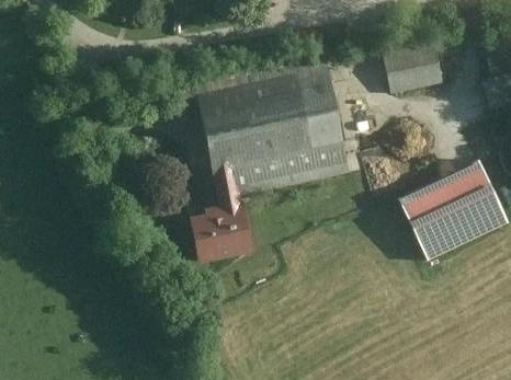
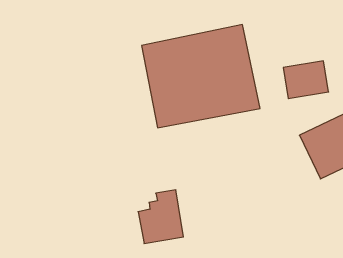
building: [383,39,442,89] -> [283,61,329,99]
building: [193,187,252,257] -> [138,190,183,244]

